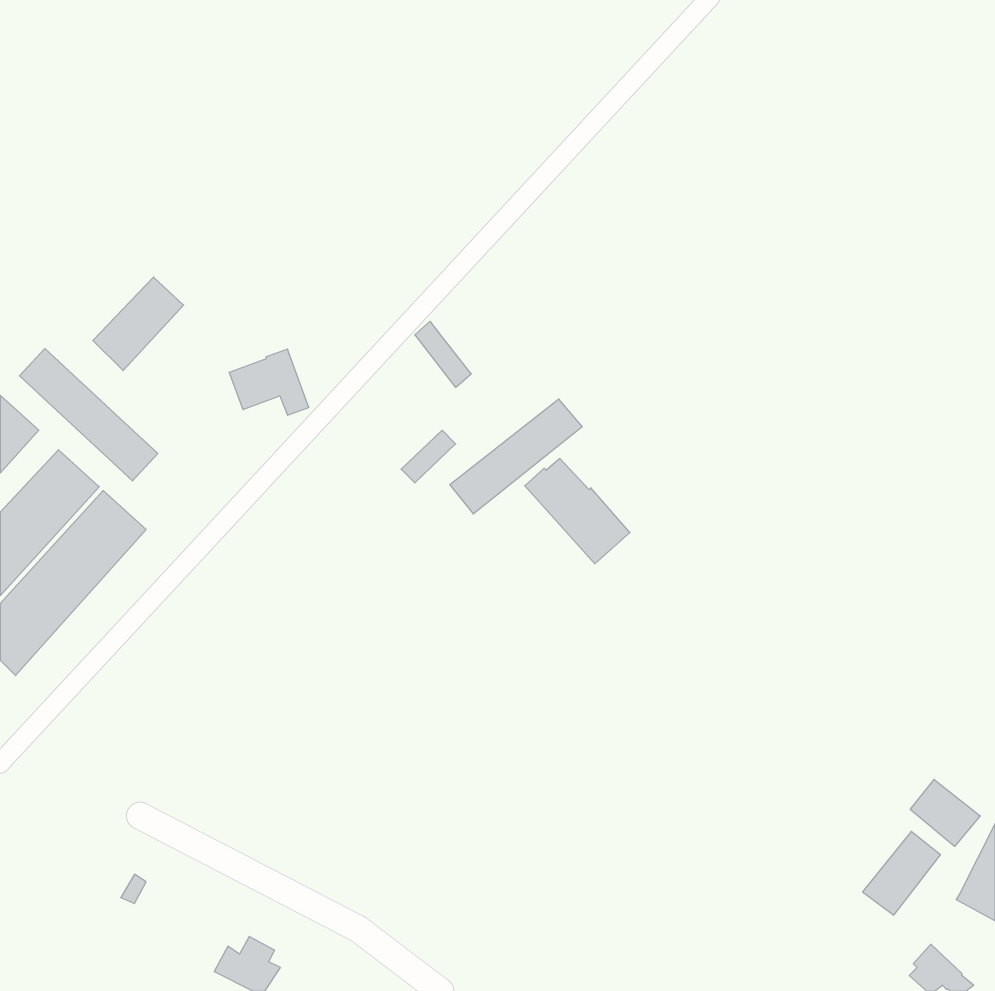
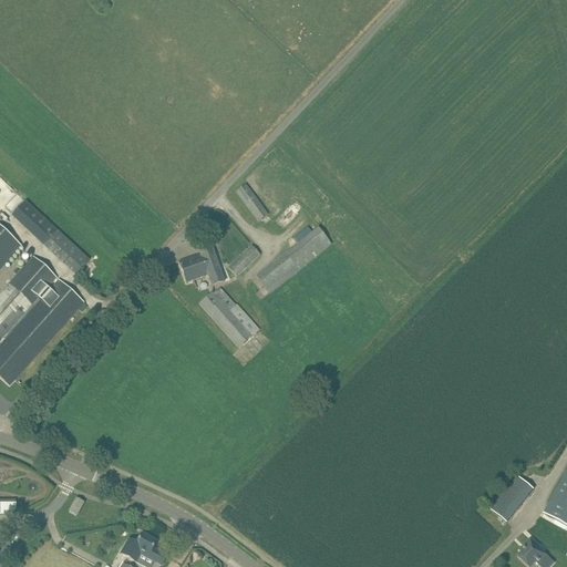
building: [93,277,184,371] -> none
building: [229,349,309,415] -> [178,247,224,285]
building: [525,459,630,564] -> [199,287,259,347]
building: [910,779,980,846] -> none

